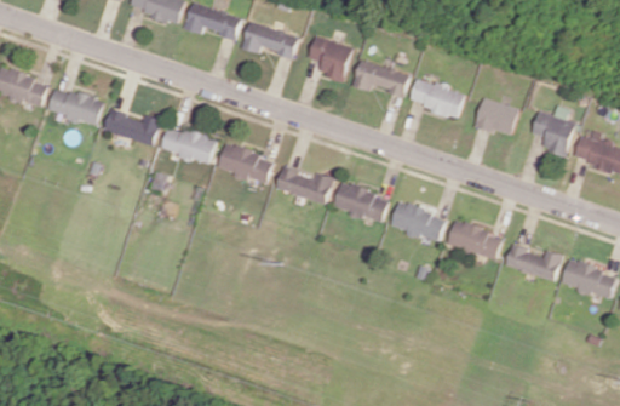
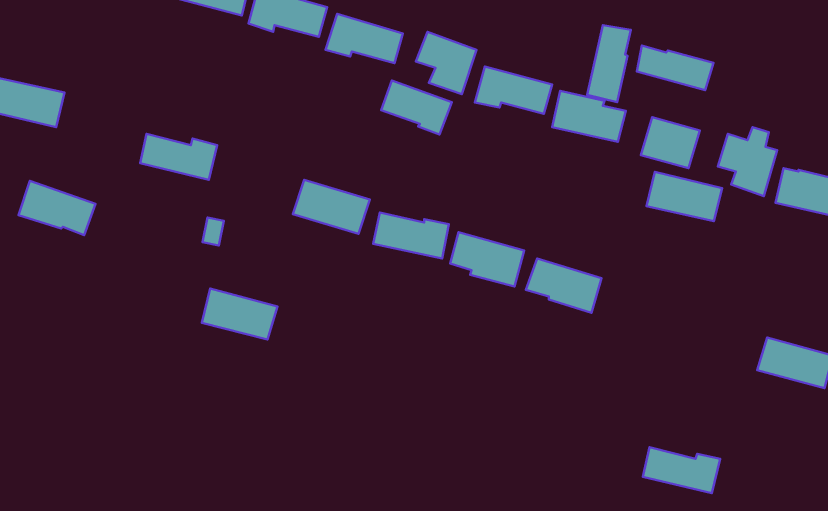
building: none -> [587,25,631,102]
building: none -> [637,45,714,90]
building: none -> [381,81,452,135]
building: [47,86,104,126] -> [18,181,96,235]
building: [161,126,217,164] -> [202,288,277,339]
building: [446,222,501,258] -> [647,172,722,221]
building: [504,246,561,280] -> [643,447,720,493]

